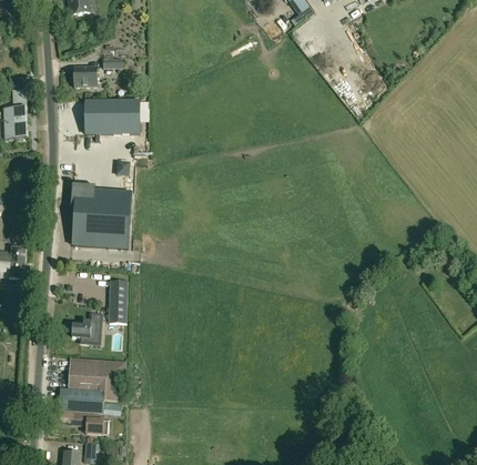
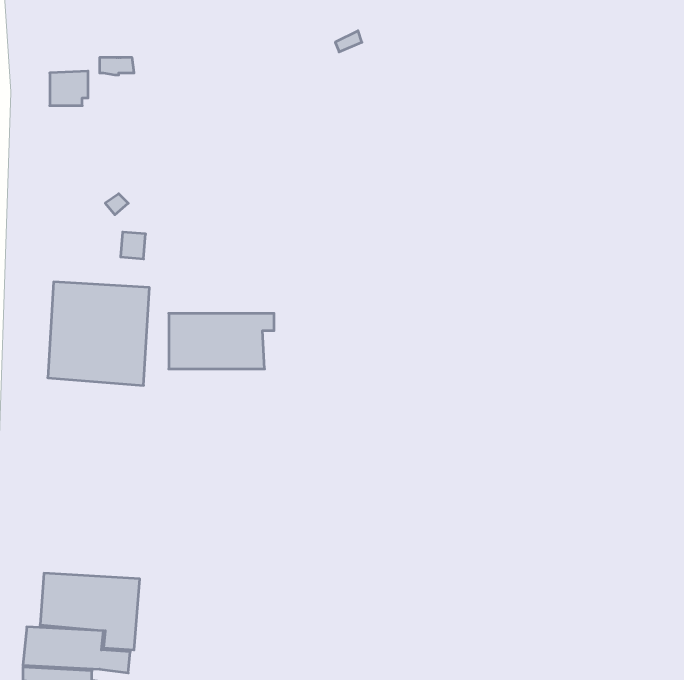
building: [84,101,145,133] -> [169,313,274,369]
building: [109,280,126,323] -> none
building: [71,312,102,345] -> none

